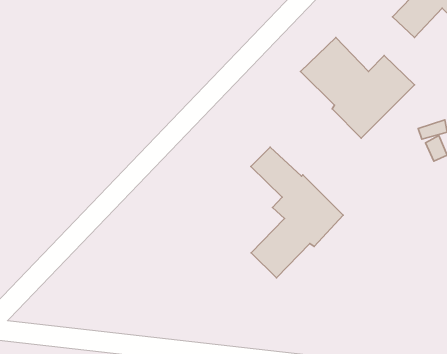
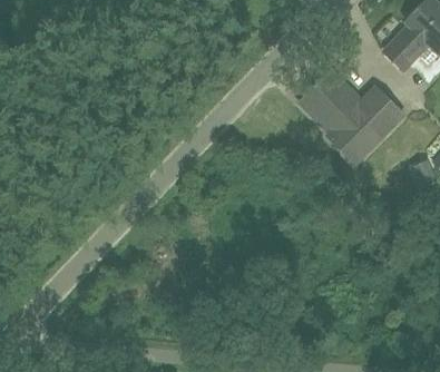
building: [251,147,343,278] -> none

